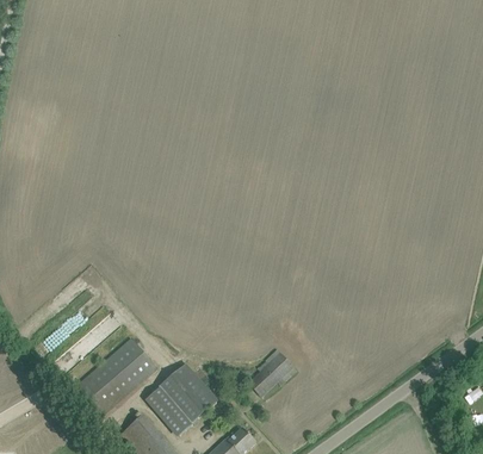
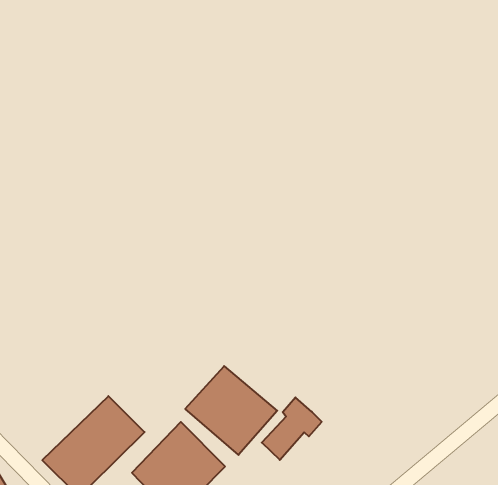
building: none -> [185,366,277,455]

